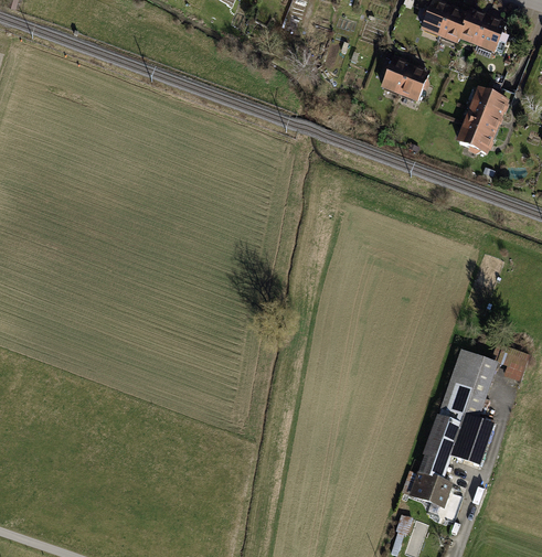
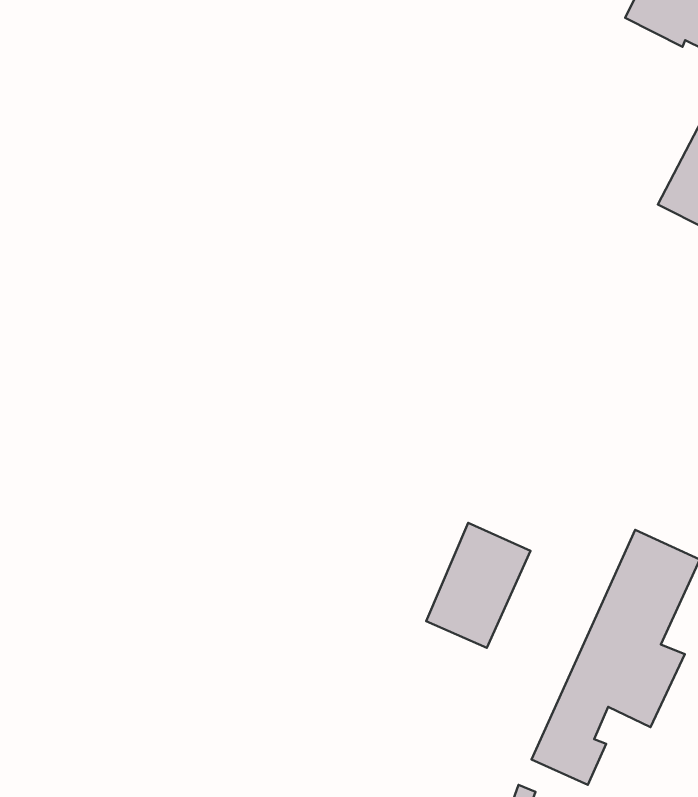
building: [379,56,427,104] -> none
building: none -> [426,523,530,648]

